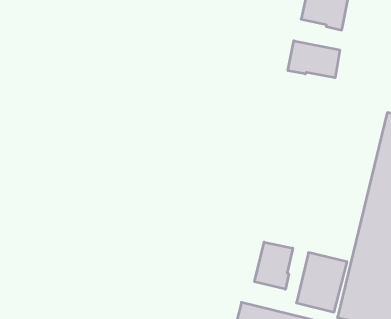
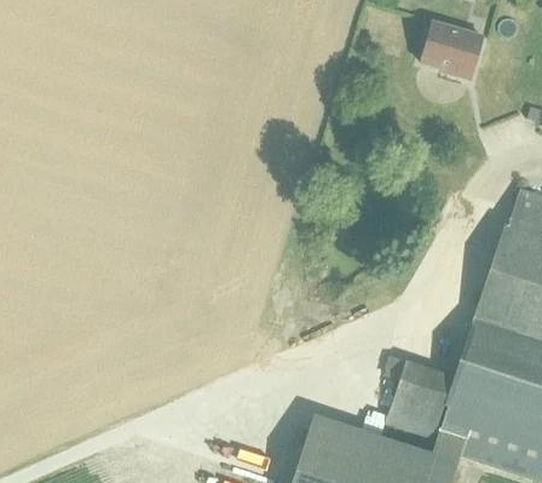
building: [288,41,340,78] -> none
building: [255,242,293,289] -> none

